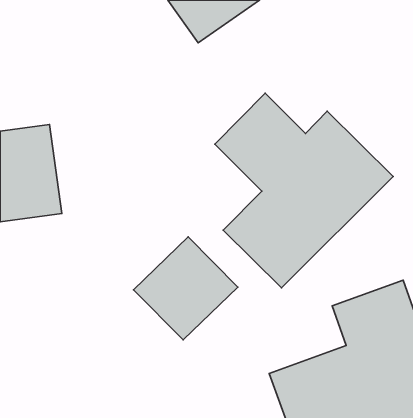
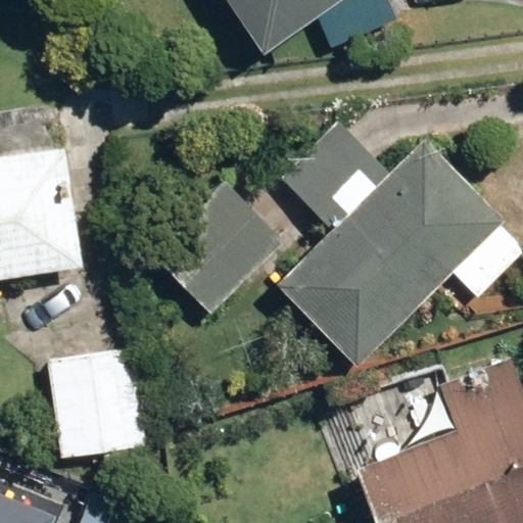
building: [134,237,238,340] -> [150,182,279,310]
building: none -> [52,352,150,461]

